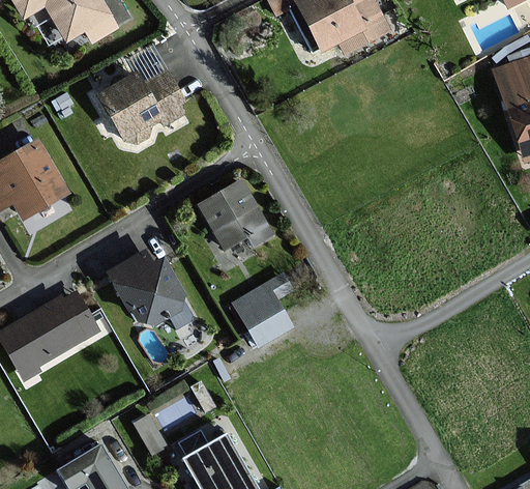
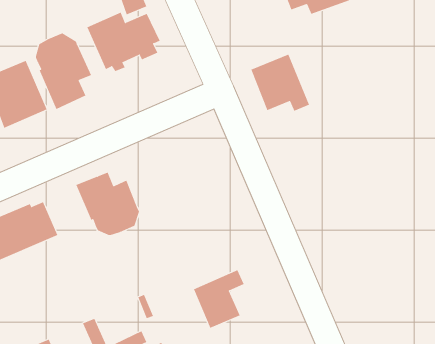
building: none -> [35,33,92,110]
building: [201,181,271,248] -> [250,54,310,111]
building: [235,275,291,344] -> [193,269,244,329]

